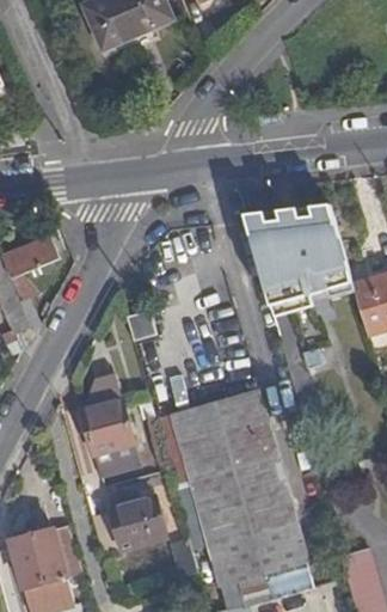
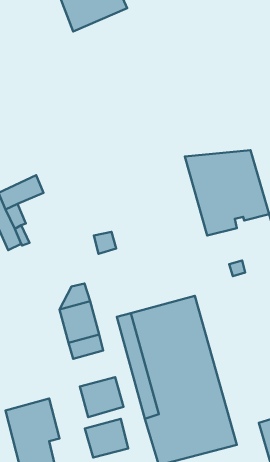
building: none -> [85,419,128,458]

